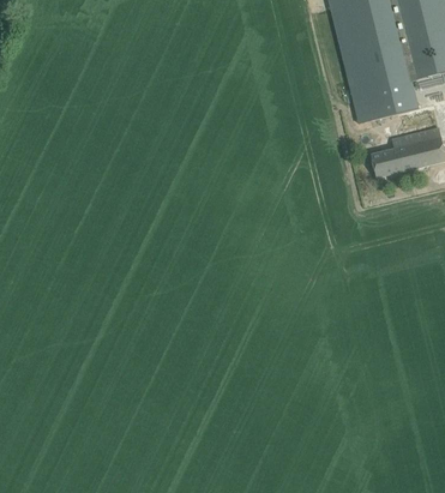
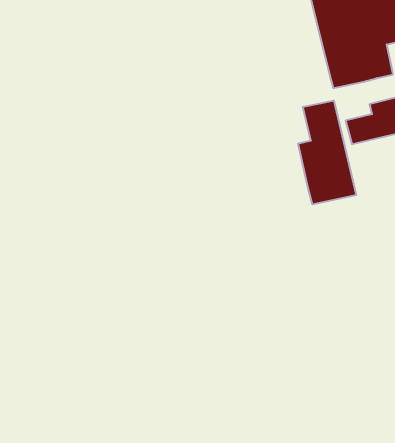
building: none -> [298,100,356,204]

